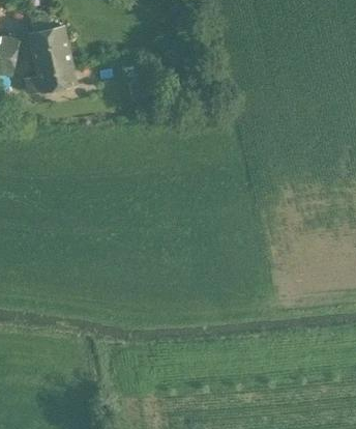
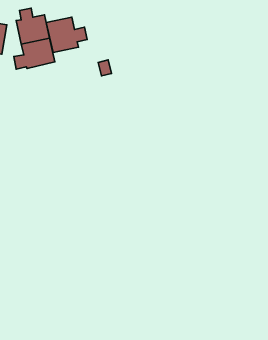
building: none -> [46,17,87,53]

